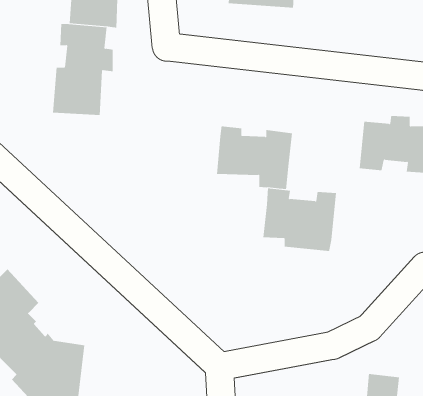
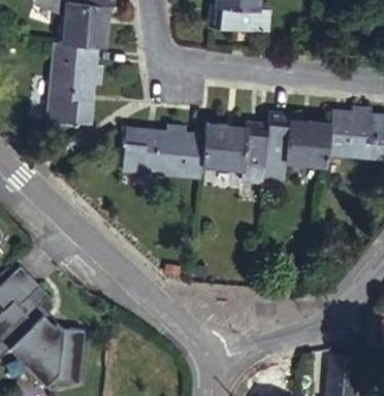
building: none -> [117,133,199,180]
building: [263,188,337,252] -> [260,124,325,179]

